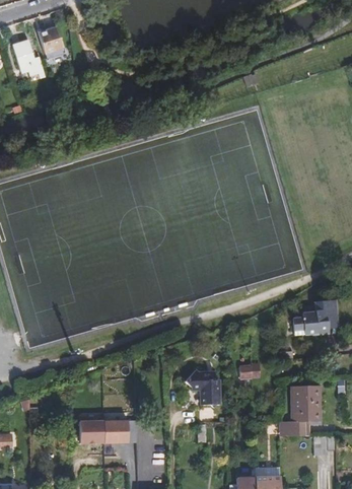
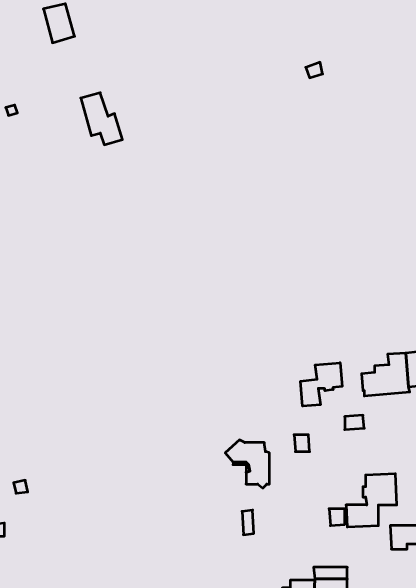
building: [14,40,47,80] -> [81,93,122,145]
building: none -> [301,363,342,406]
building: [71,421,138,444] -> none

